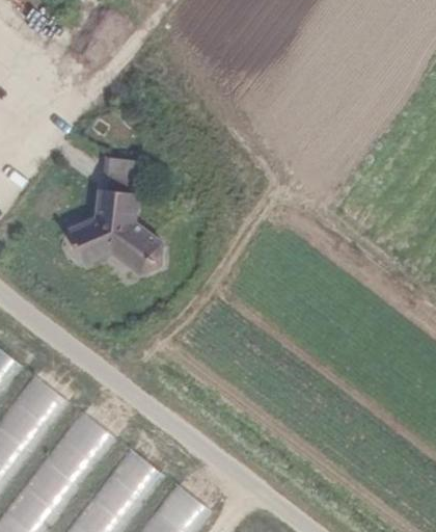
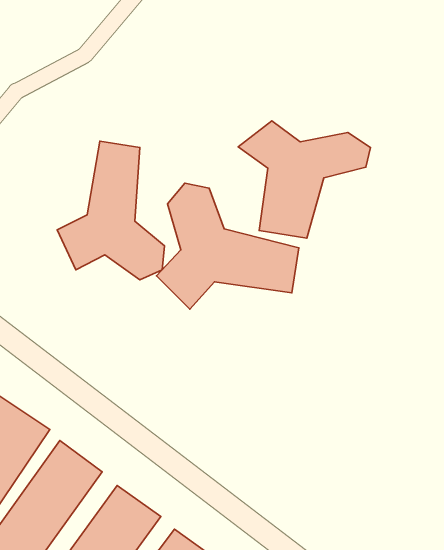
building: none -> [238,121,370,238]
building: none -> [156,183,299,309]

